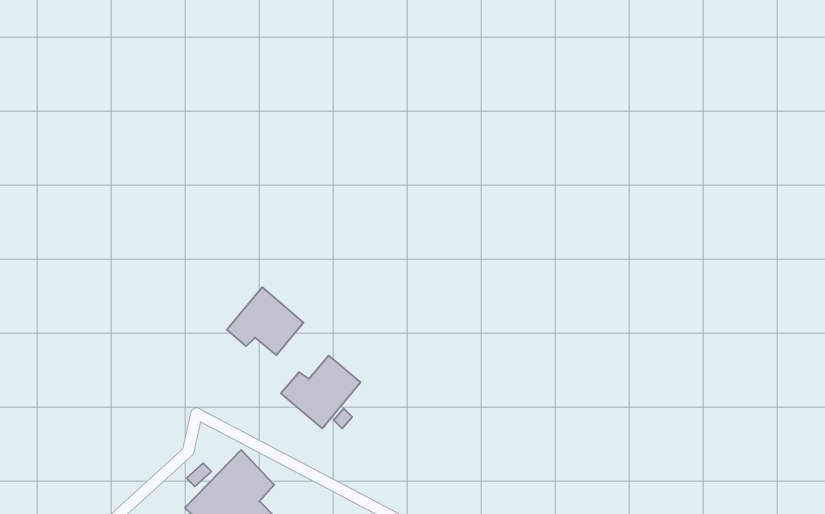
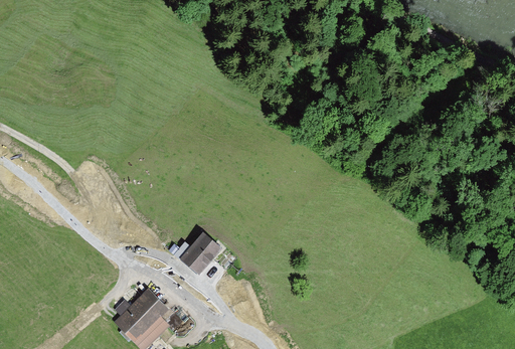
building: [227,287,303,355] -> none

